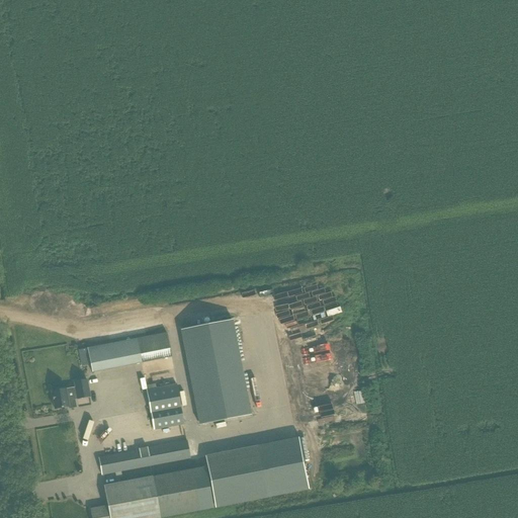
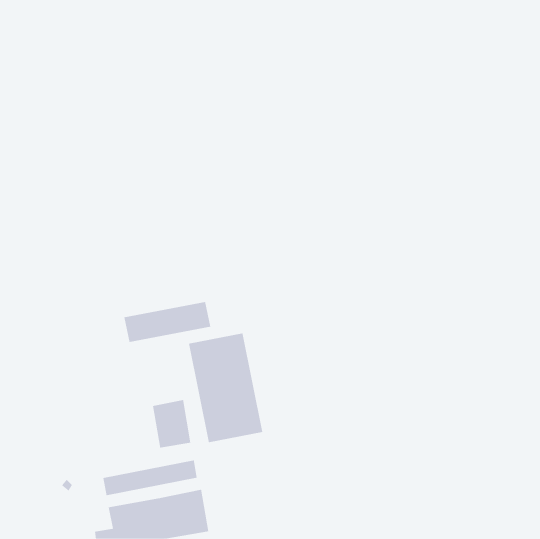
building: [87,332,171,371] -> [124,301,211,343]
building: [52,379,89,409] -> none
building: [204,436,310,507] -> none

